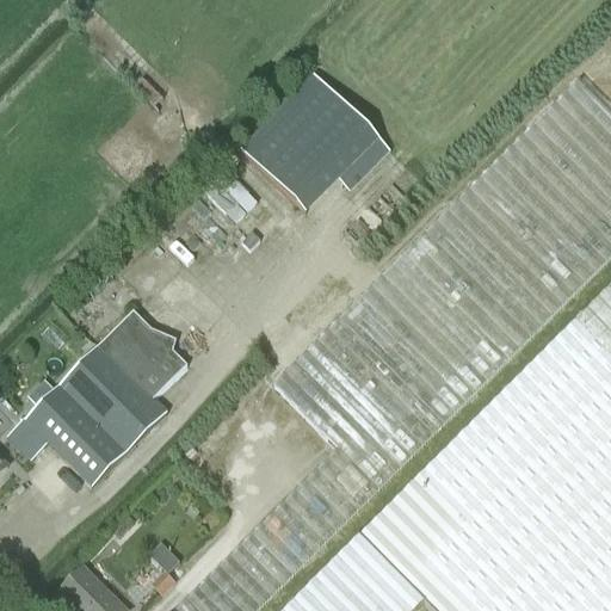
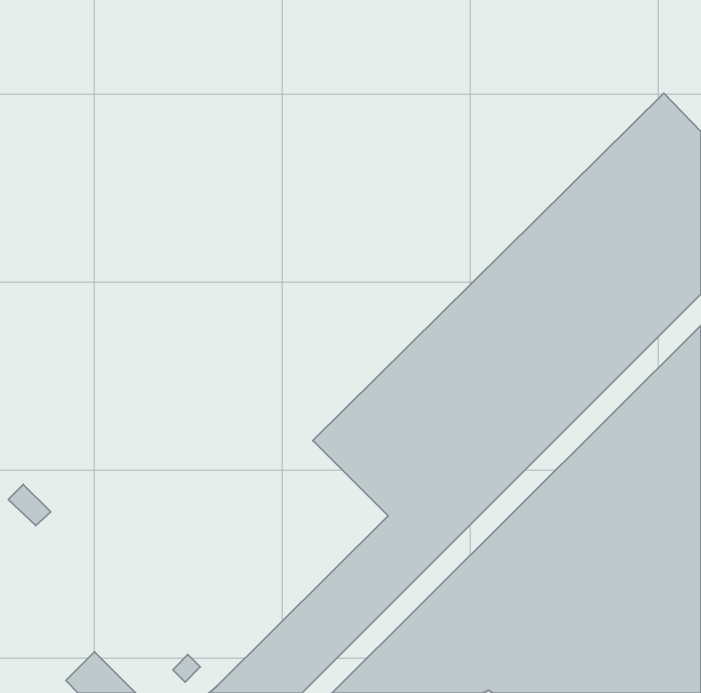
building: [240,74,389,211] -> none
building: [25,310,186,486] -> none

